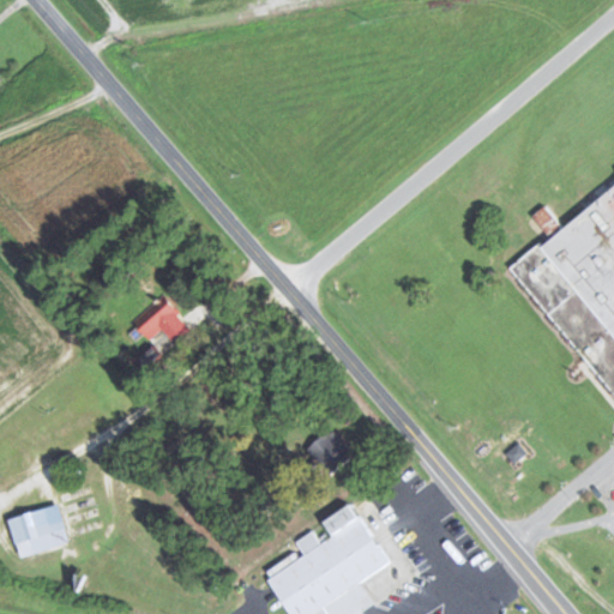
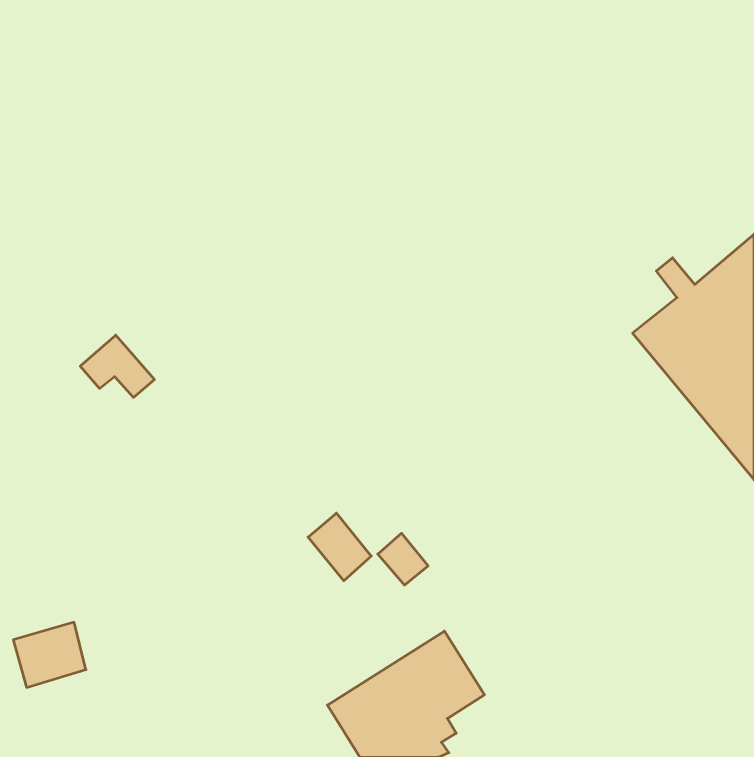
building: [131,293,191,343] -> [80,335,154,397]
building: none -> [308,513,371,581]

